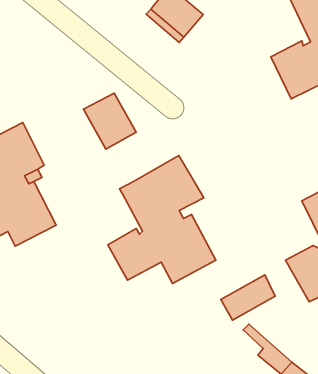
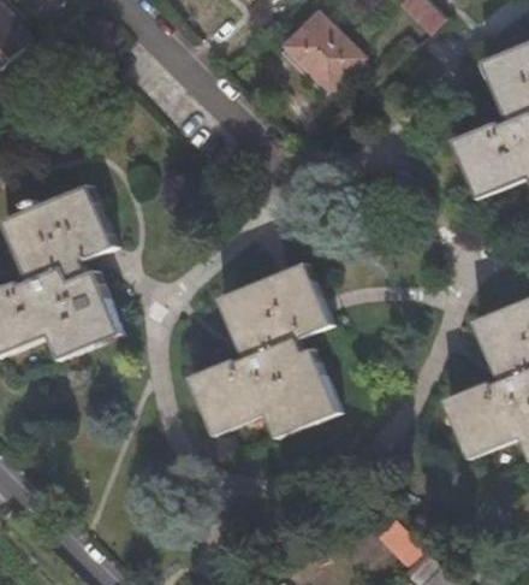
building: [84,93,136,149] -> none
building: [221,275,275,320] -> none

